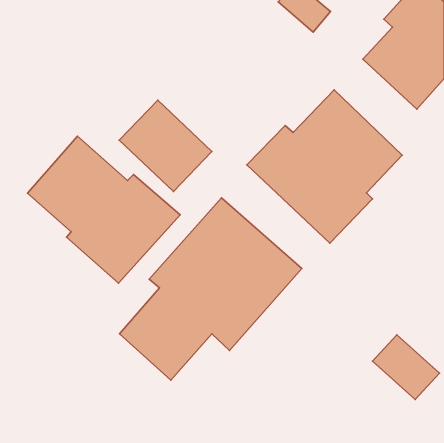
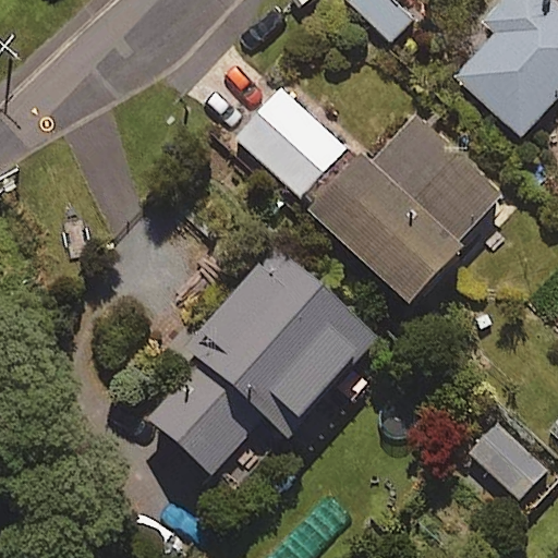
building: [119,100,212,192] -> [231,83,347,197]
building: [27,136,180,283] -> none

